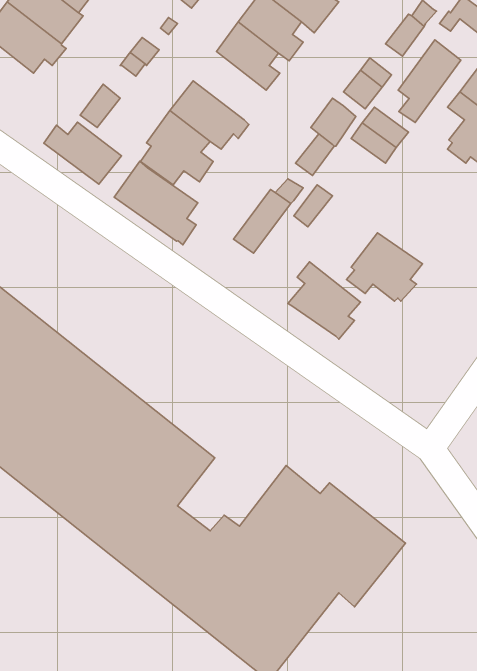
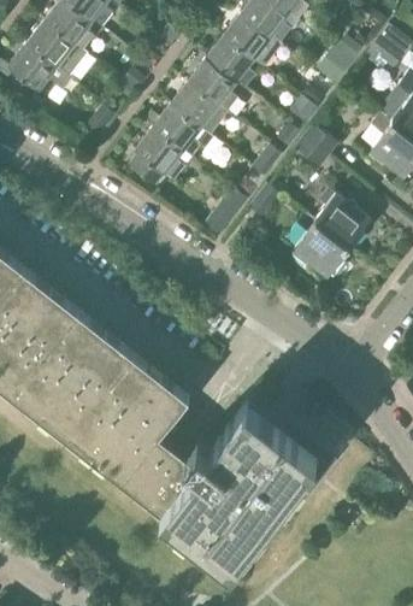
building: [398,40,461,123] -> none
building: none -> [170,82,228,135]
building: [44,122,122,184] -> none
building: [114,161,198,245] -> none
building: [288,262,361,339] -> [311,189,367,249]

